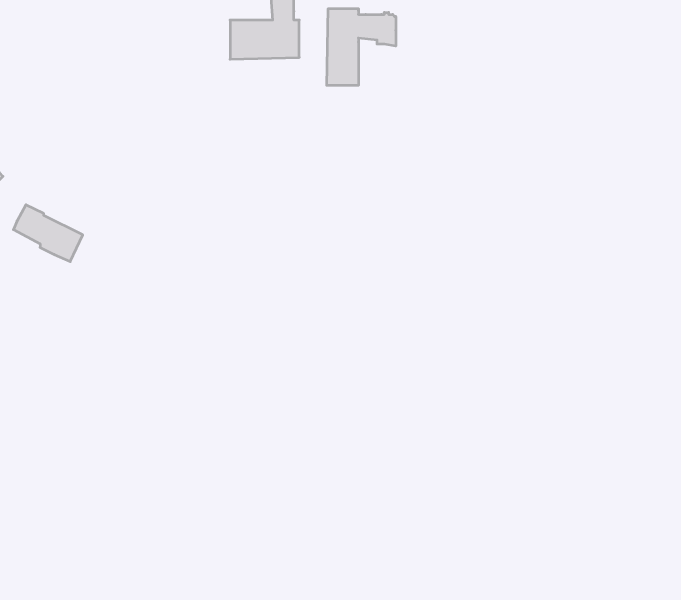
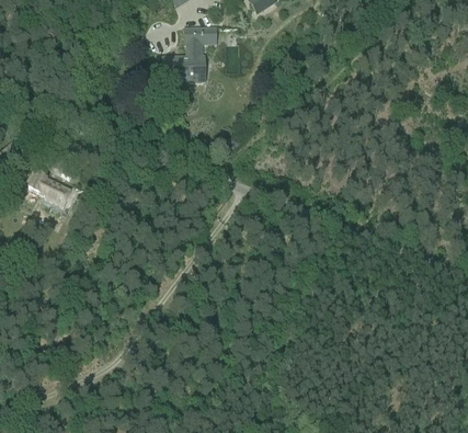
building: [327,9,396,85] -> none

